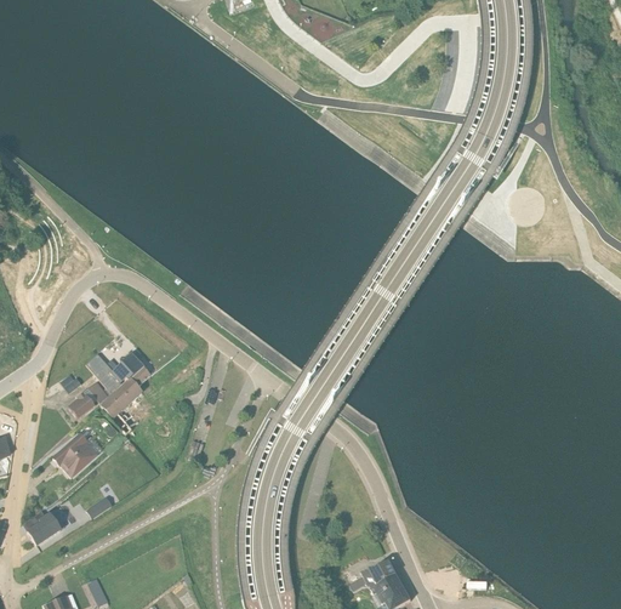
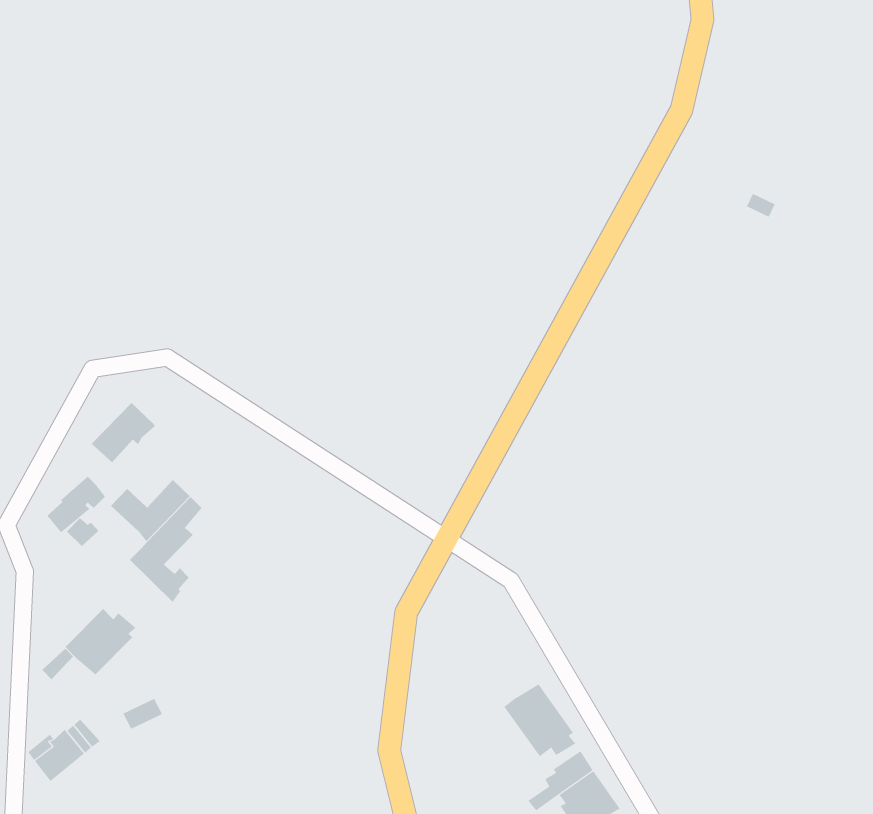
building: none -> [91,402,156,463]
building: [67,382,107,419] -> [46,476,106,533]
building: none -> [503,684,576,757]

